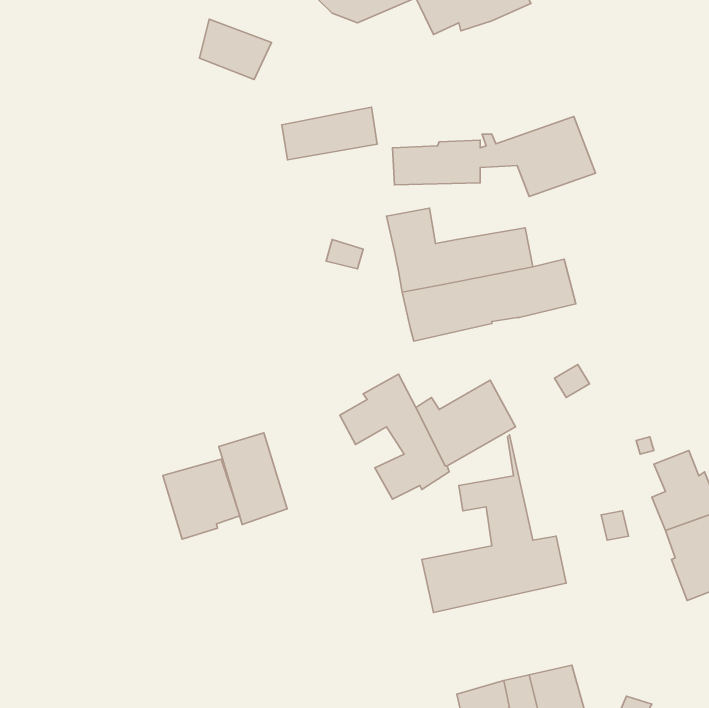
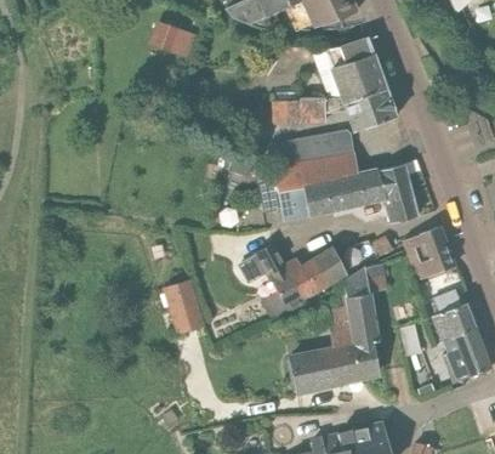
building: none -> [312,36,385,98]
building: [282,107,377,160] -> [295,127,354,160]
building: none -> [379,163,419,222]
building: none -> [404,226,455,279]
building: none -> [345,263,386,345]
building: [163,459,240,539] -> none

